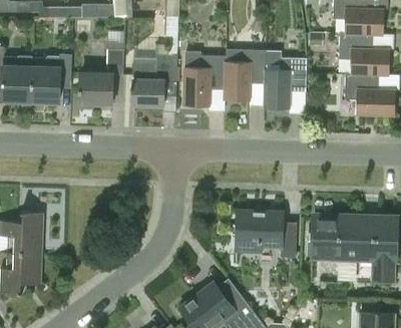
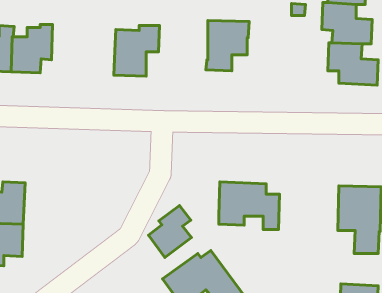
building: [79,41,123,103] -> none
building: [182,51,225,105] -> none
building: [263,51,306,107] -> none
building: [312,213,356,280] -> none
building: none -> [149,205,192,257]

